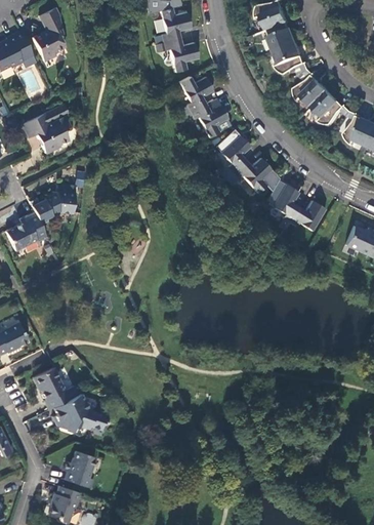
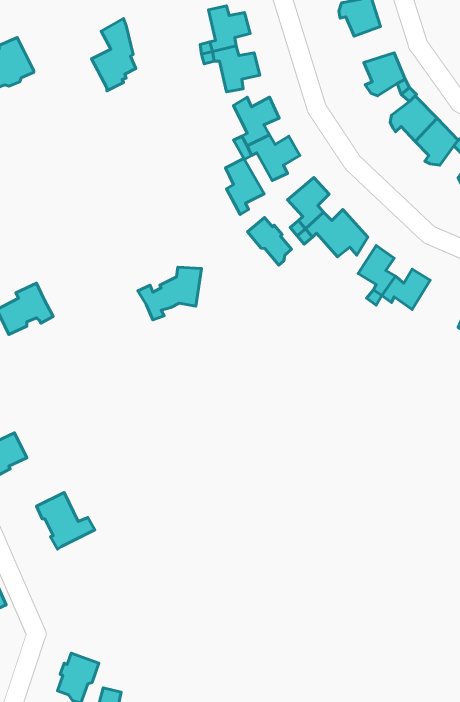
building: [32,8,65,62] -> [92,19,136,91]
building: [268,23,298,49] -> none
building: [22,106,69,153] -> none
building: none -> [225,159,264,214]
building: none -> [247,218,291,265]
building: [28,185,75,224] -> [138,267,201,320]
building: [52,395,105,432] -> none
building: [64,451,94,488] -> none

